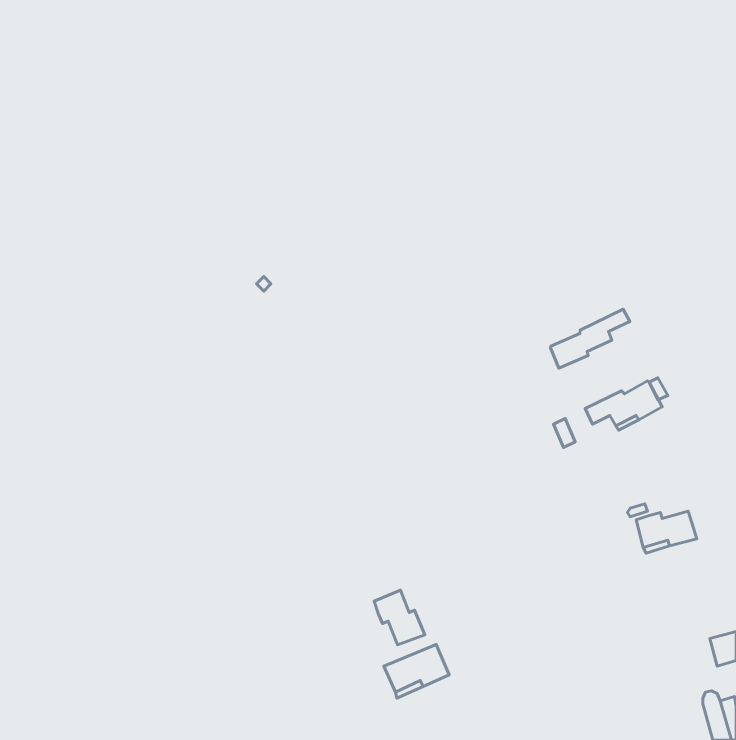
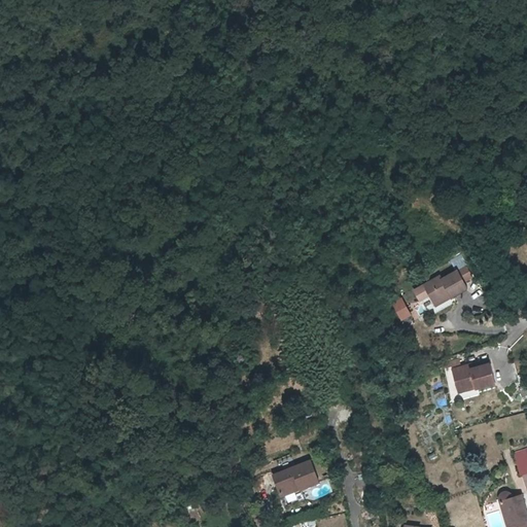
building: [551,309,630,368] -> none
building: [374,590,425,645] -> none

